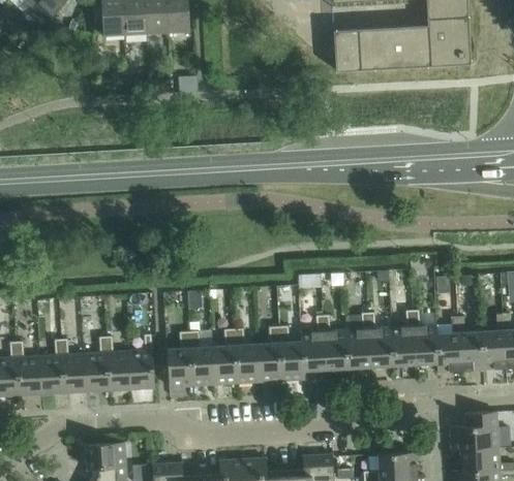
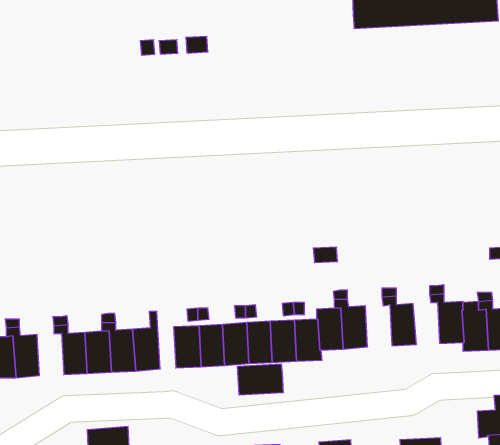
building: [390,326,415,365] -> none
building: [345,328,370,367] -> none
building: [39,355,64,394] -> none
building: none -> [237,364,283,395]

